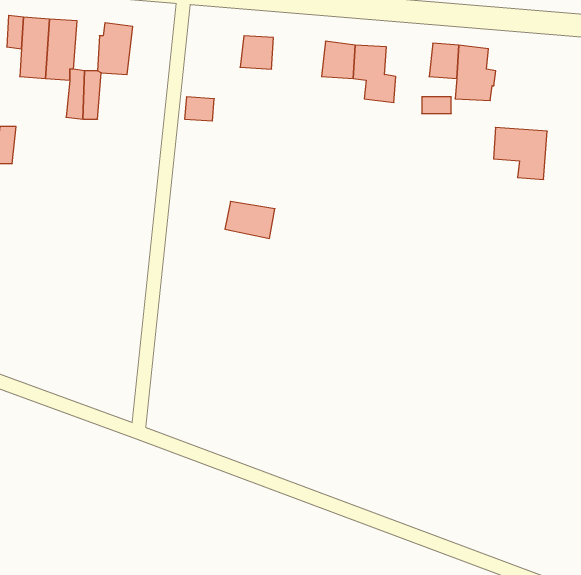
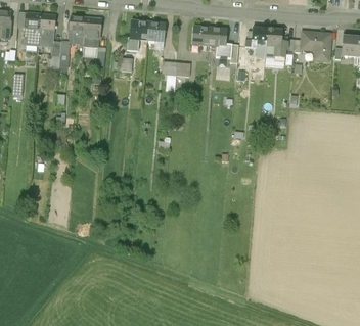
building: none -> [83,17,100,47]
building: none -> [127,20,148,51]
building: [494,127,547,179] -> [301,32,330,60]
building: [225,201,275,238] -> [161,59,188,80]

